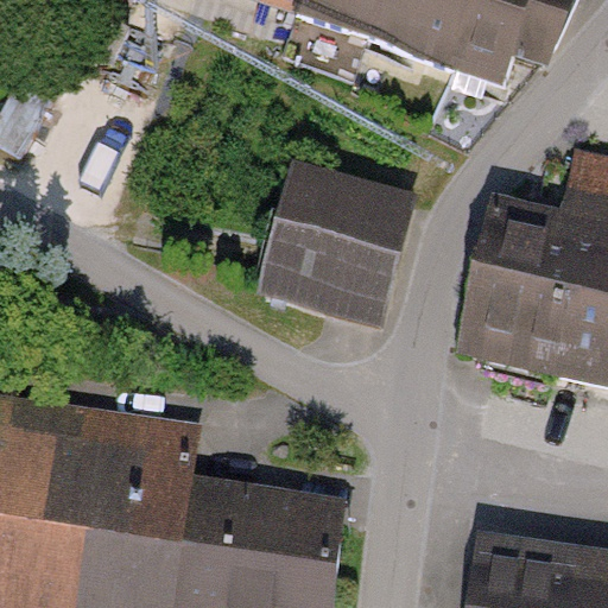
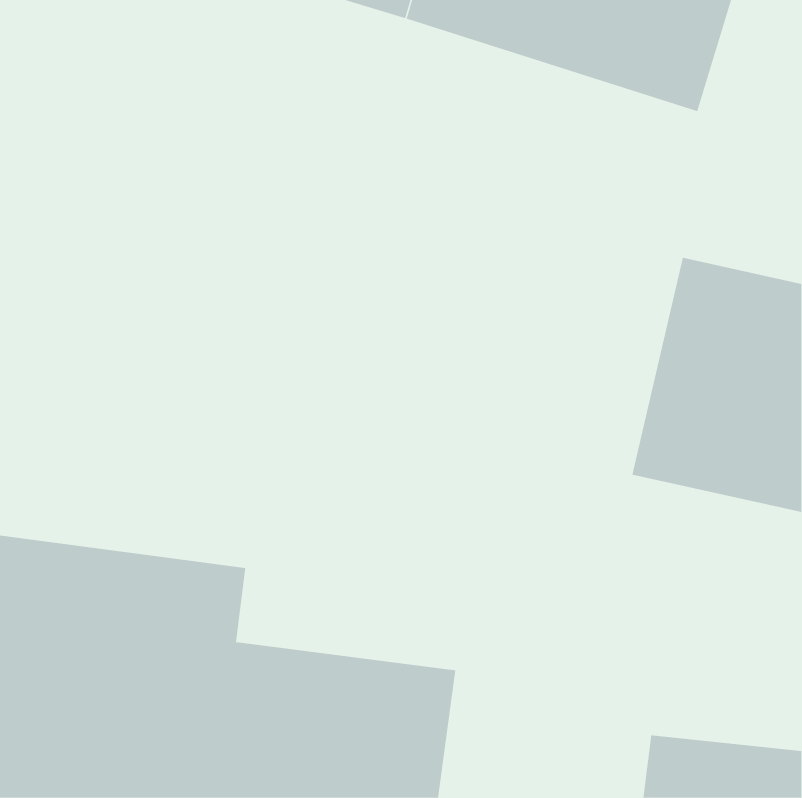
building: [276,167,423,328] -> none

